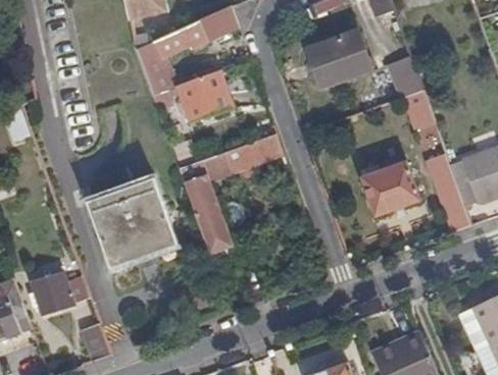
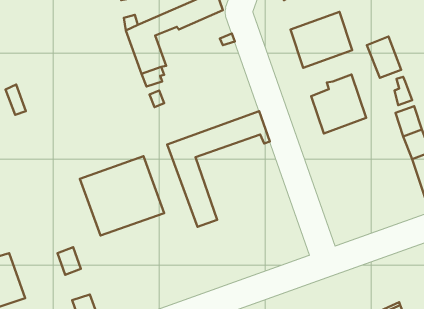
building: [178,70,233,121] -> none
building: [361,154,418,215] -> [311,75,366,133]
building: [32,272,72,313] -> none

